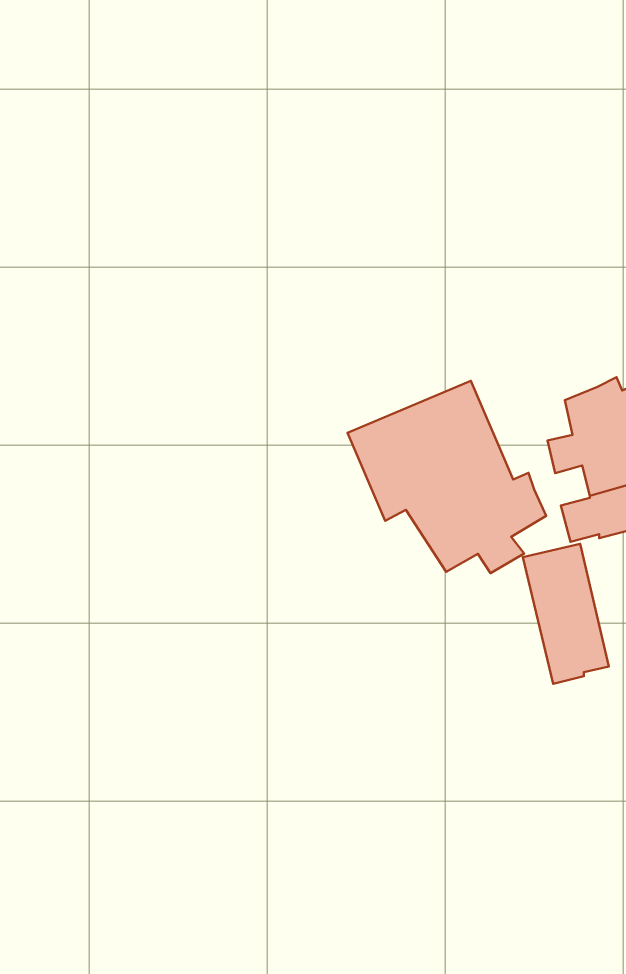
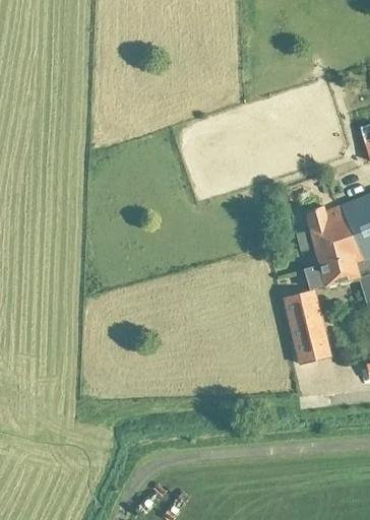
building: [348,381,546,573] -> none

